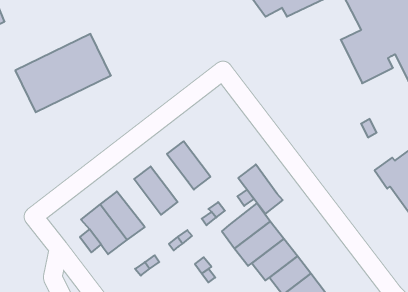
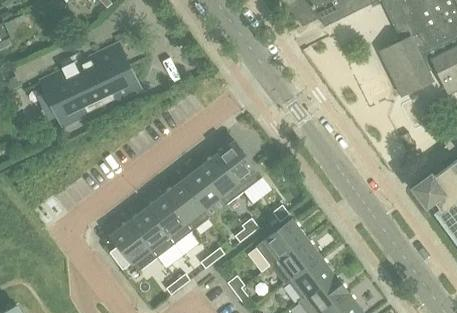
building: none -> [182,168,221,210]
building: [238,164,283,214] -> [216,141,262,192]
building: none -> [147,194,193,244]

